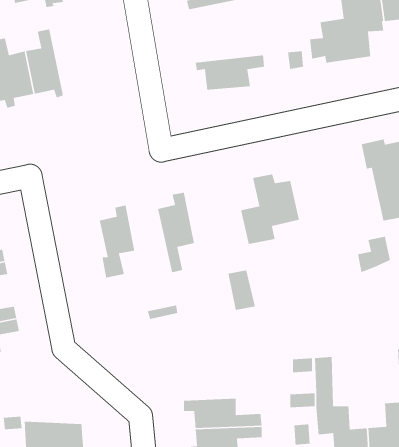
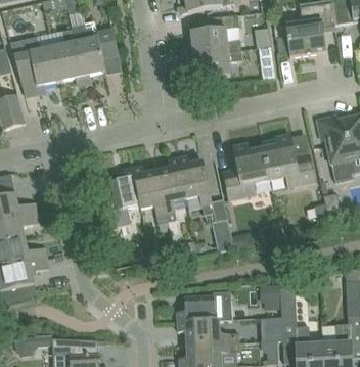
building: none -> [185,15,240,56]
building: none -> [72,25,118,83]
building: none -> [261,135,315,187]
building: none -> [178,156,215,224]
building: none -> [132,167,168,225]
building: none -> [177,292,231,323]

